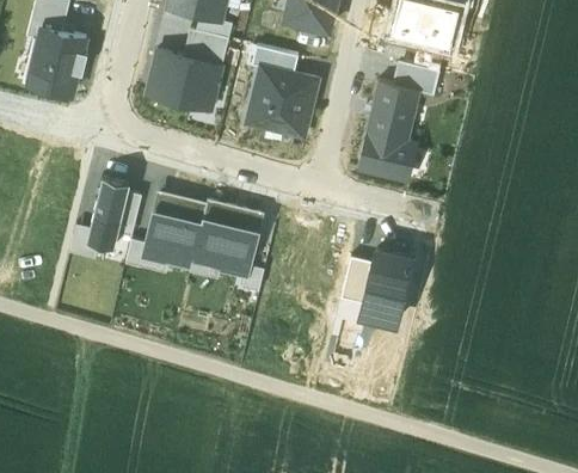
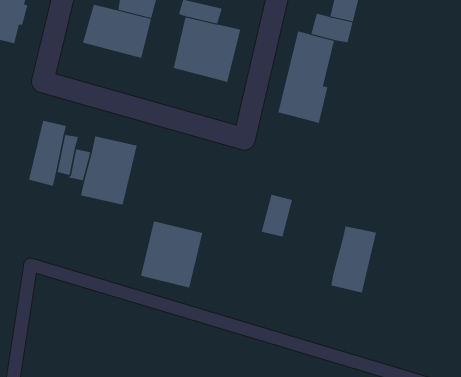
building: [192,202,260,275] -> [140,221,203,288]
building: [361,252,411,325] -> [330,226,377,293]

